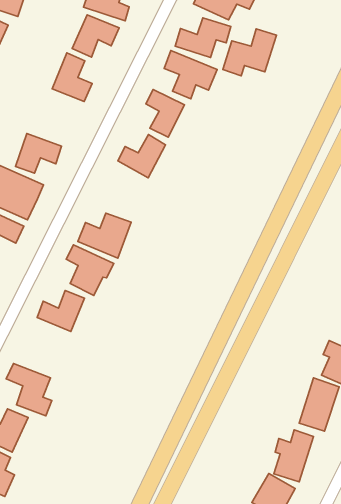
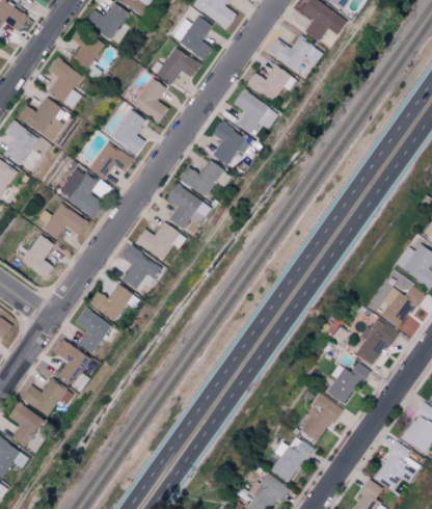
building: [223,29,276,76] -> none
building: none -> [112,110,145,153]
building: none -> [165,184,211,229]
building: none -> [74,306,111,353]

